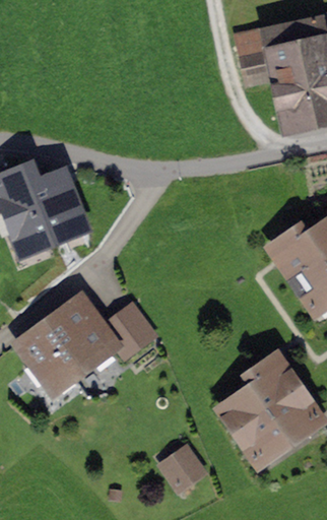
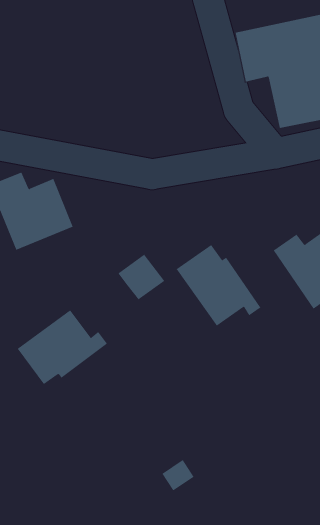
building: none -> [176,244,261,327]
building: [106,307,152,352] -> [117,254,165,300]
building: [228,360,317,456] -> none

